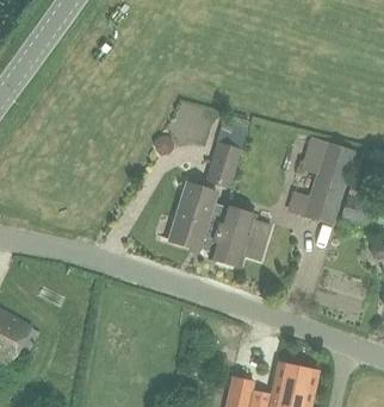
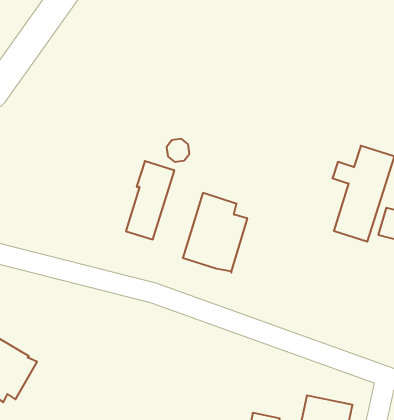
building: [205,119,248,188] -> [126,161,174,239]
building: [209,205,271,265] -> none

